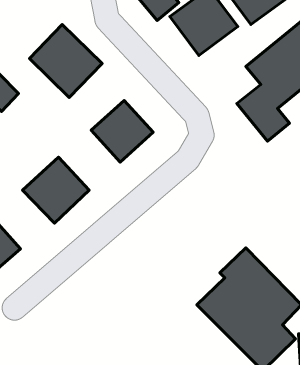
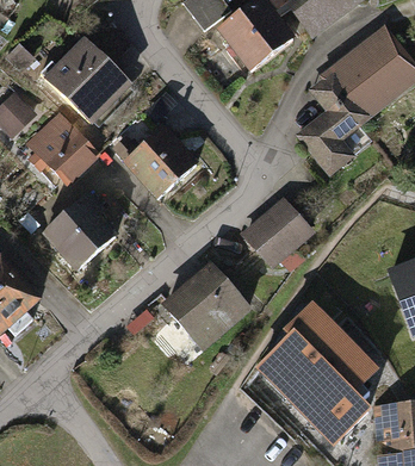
building: none -> [27,111,101,186]
building: none -> [246,198,318,269]
building: none -> [166,265,253,350]

